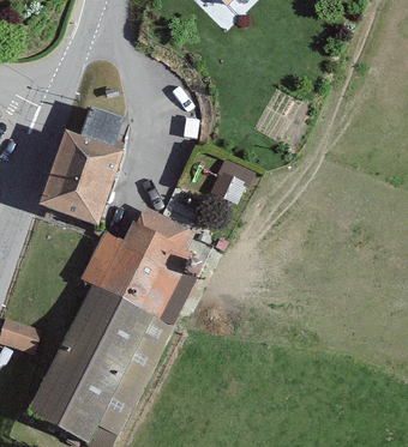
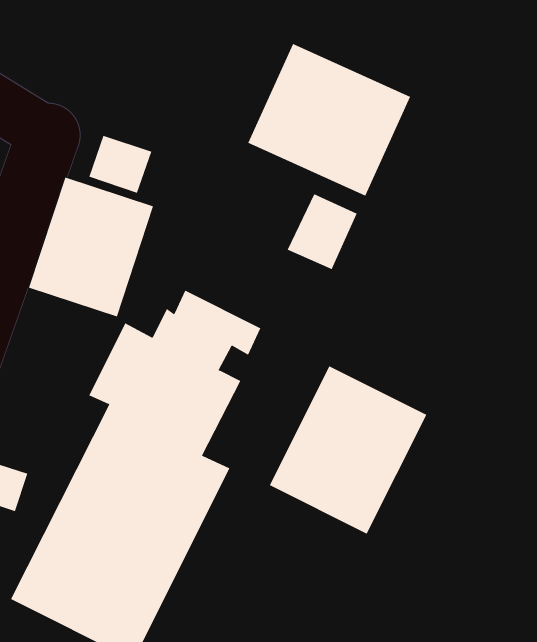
building: none -> [248,43,411,196]
building: none -> [269,365,427,535]

